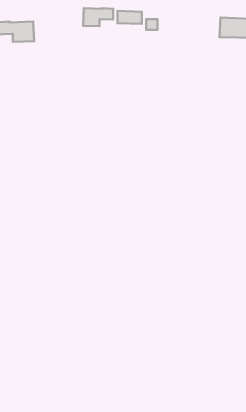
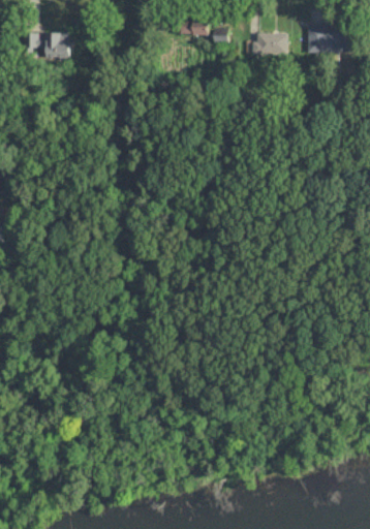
building: [83,8,113,26] -> none
building: none -> [253,34,286,56]

